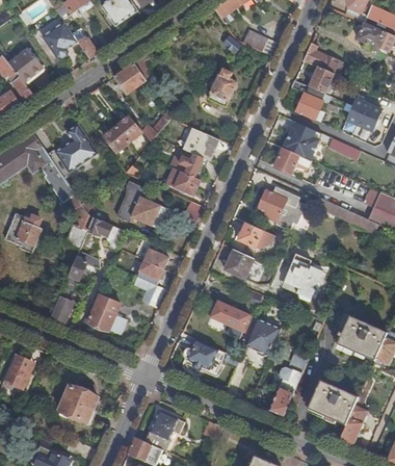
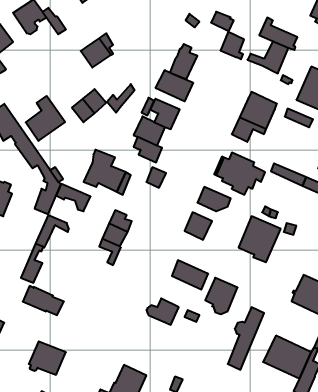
building: [297,93,322,122] -> [220,32,244,59]
building: none -> [156,70,193,101]
building: [83,304,127,335] -> [23,286,64,315]

